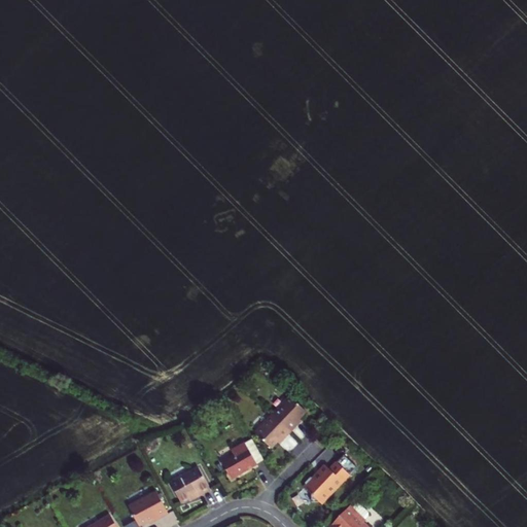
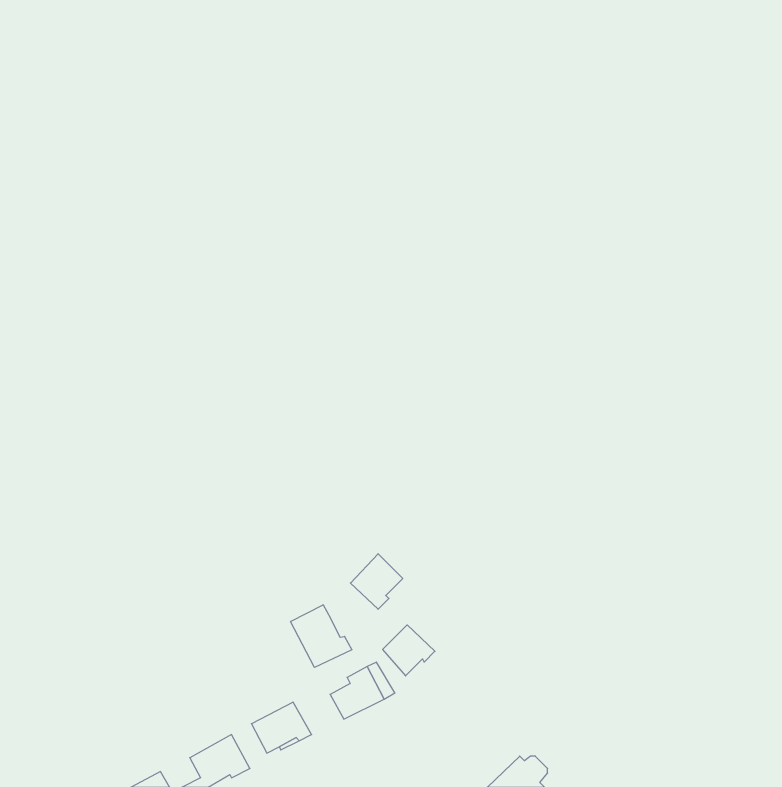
building: [272,397,307,434] -> [350,554,403,609]
building: none -> [291,605,352,667]
building: [302,454,354,503] -> none

